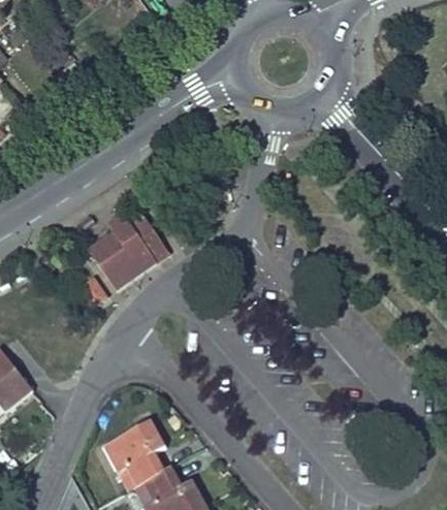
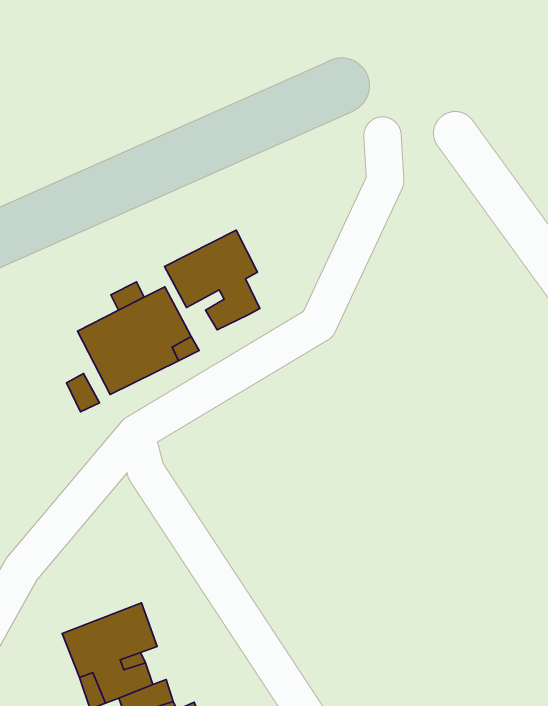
building: none -> [165,230,260,330]

